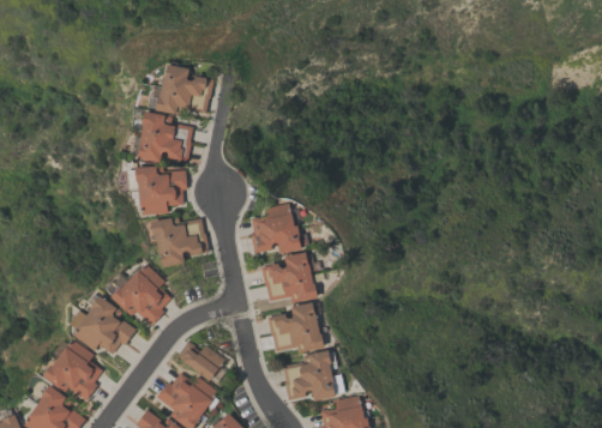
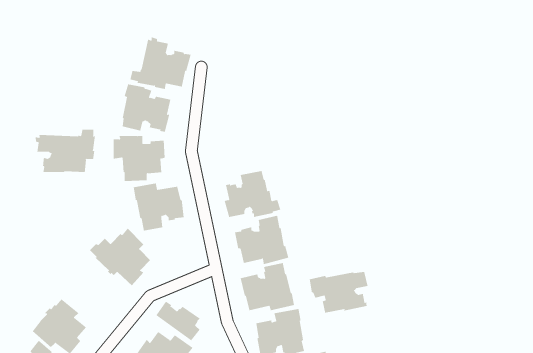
building: none -> [35,129,96,173]
building: [71,294,136,354] -> none
building: none -> [309,271,368,314]

